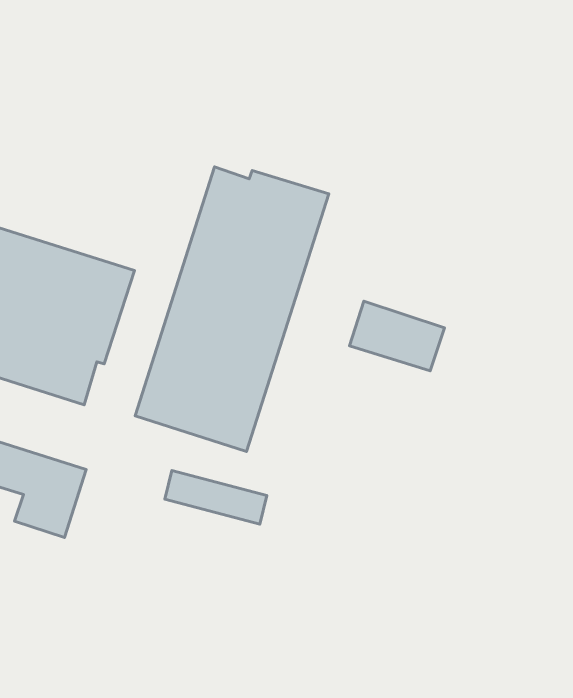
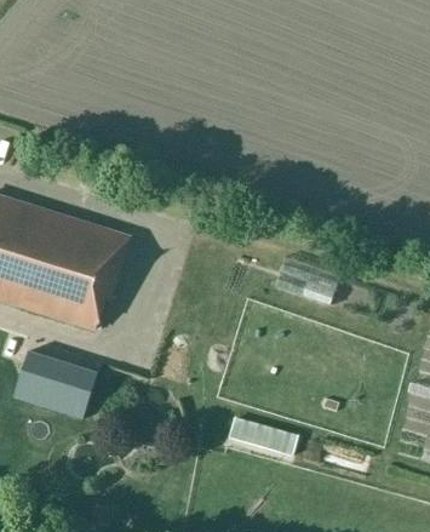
building: [135,167,329,452] -> none
building: [165,470,267,524] -> [229,419,298,456]

